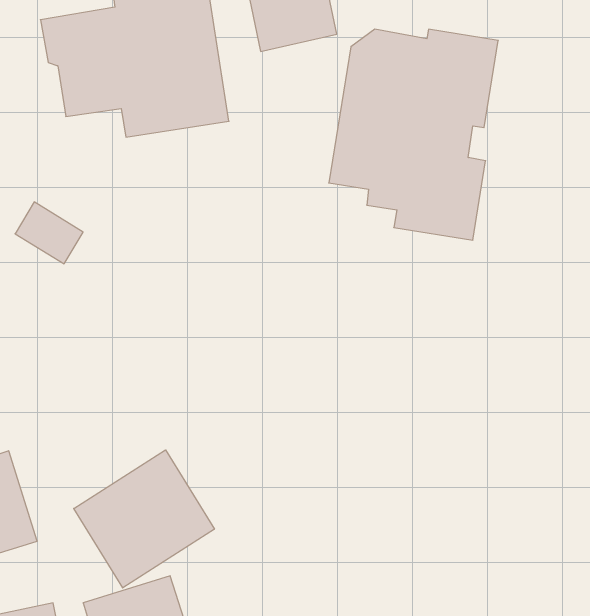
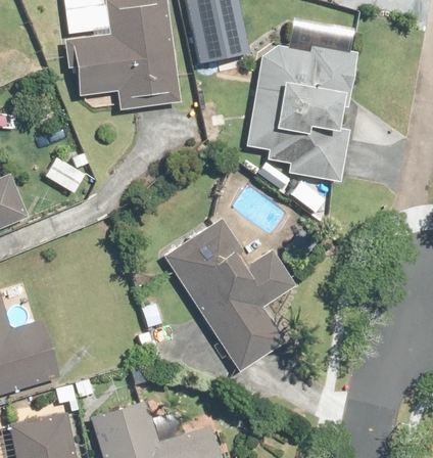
building: none -> [163,221,299,370]
building: [74,450,214,588] -> none

